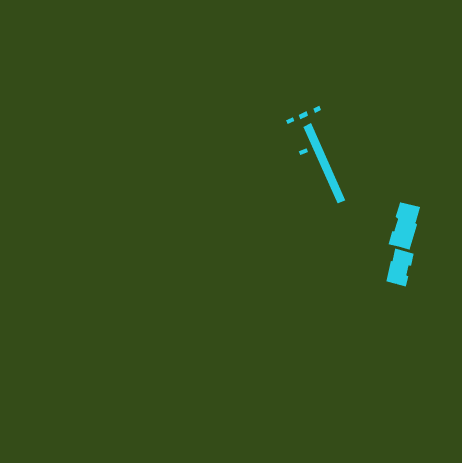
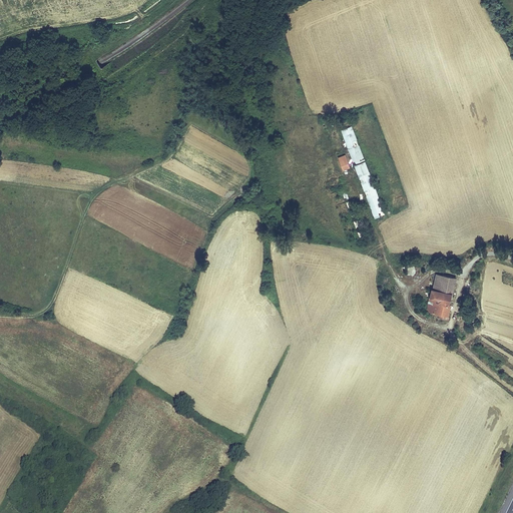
building: [388,201,421,250] -> none

